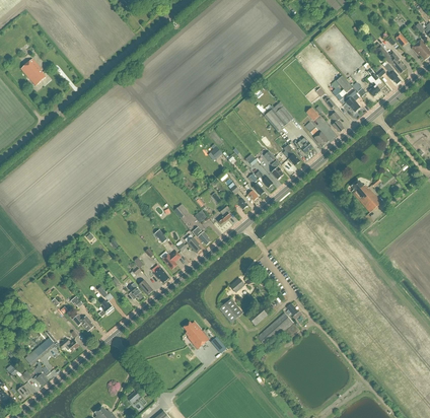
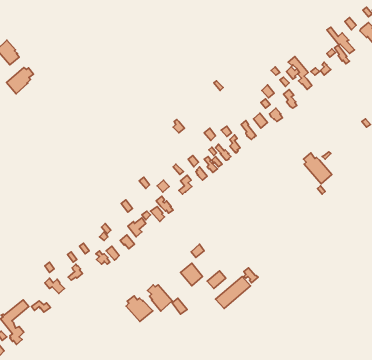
building: none -> [7,67,33,94]
building: [265,103,293,132] -> none
building: none -> [126,296,153,322]

